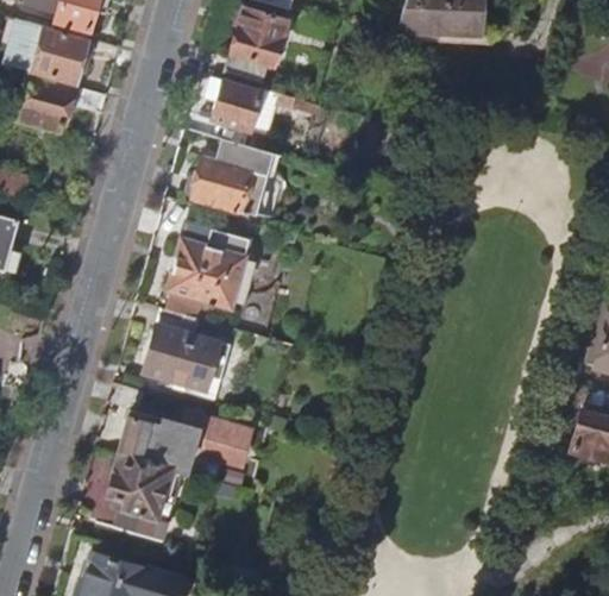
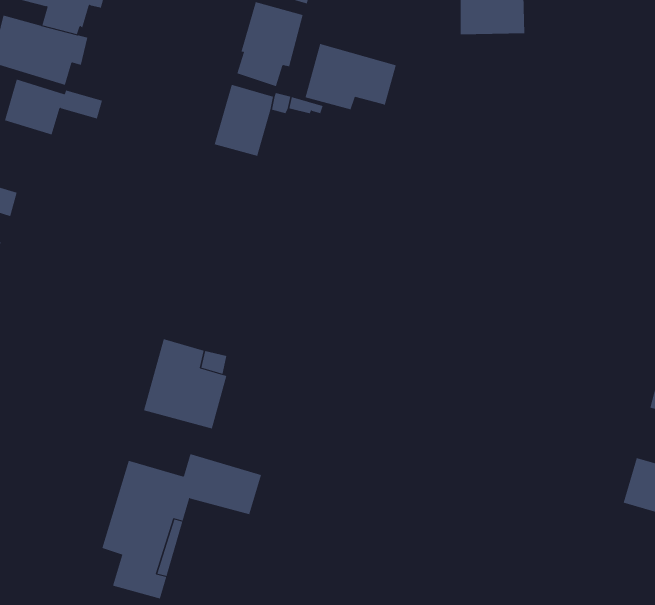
building: none -> [305,43,396,110]
building: [192,155,264,213] -> none
building: [167,221,251,308] -> none

